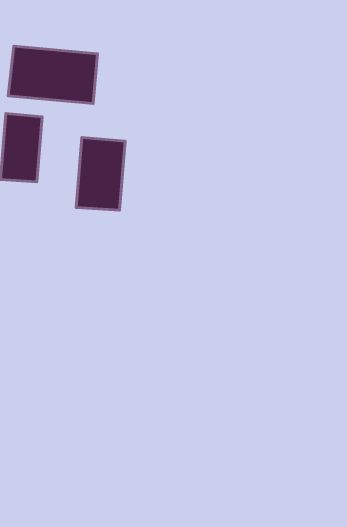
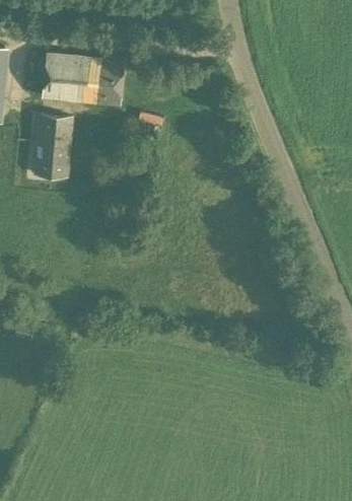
building: [76,137,125,210] -> none

